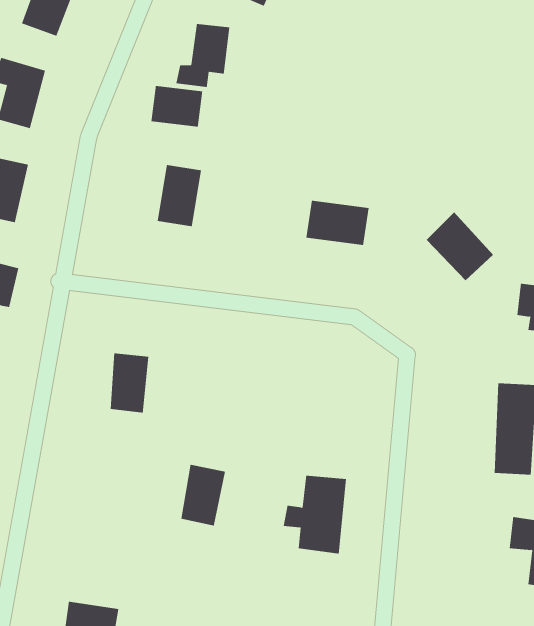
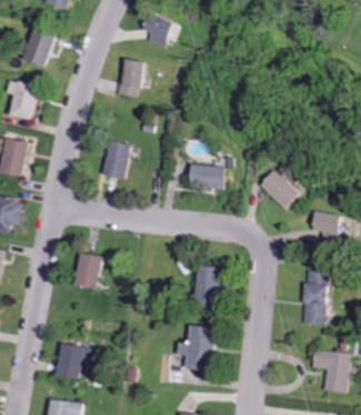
building: [151,85,203,128] -> none
building: none -> [192,265,220,307]
building: [181,464,226,526] -> [54,343,81,379]

